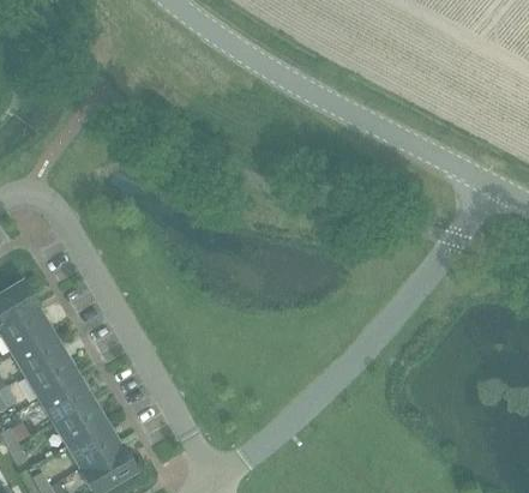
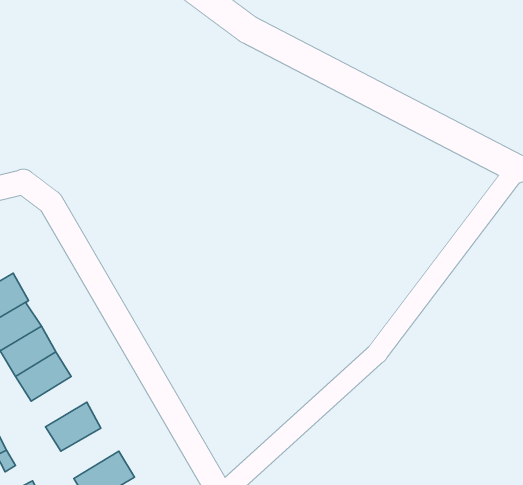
building: [41,375,92,422] -> none
building: [68,423,122,470] -> none

